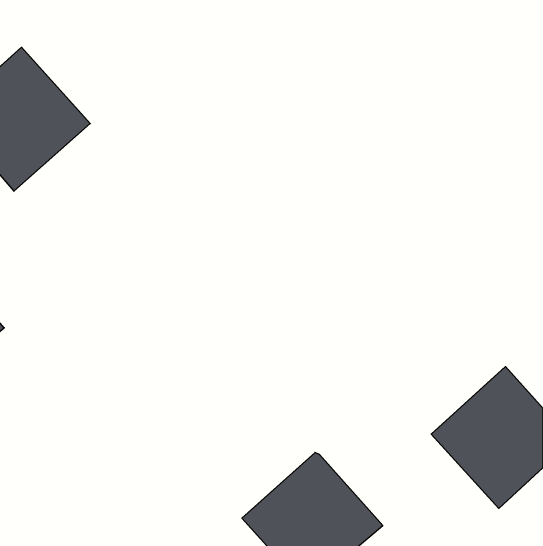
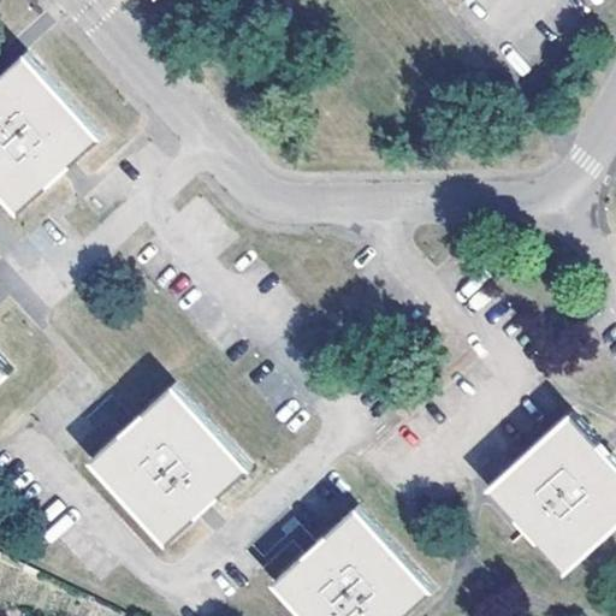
building: none -> [89,387,247,545]

